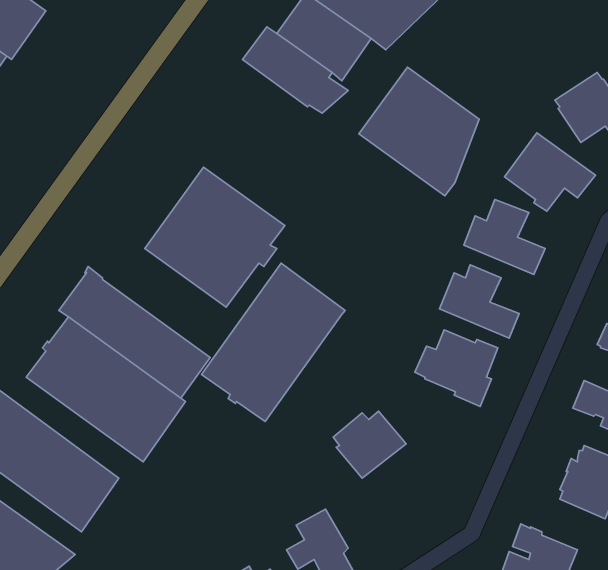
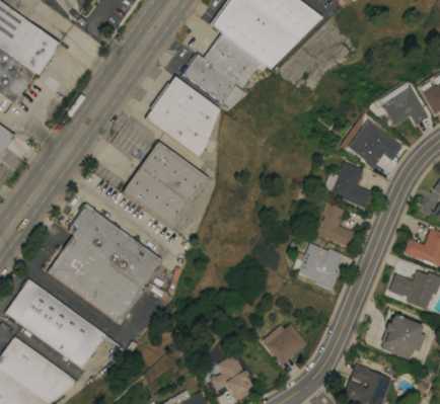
building: [359,67,479,196] -> [145,76,220,156]
building: [201,263,345,421] -> none
building: [333,411,406,478] -> [263,323,308,365]

